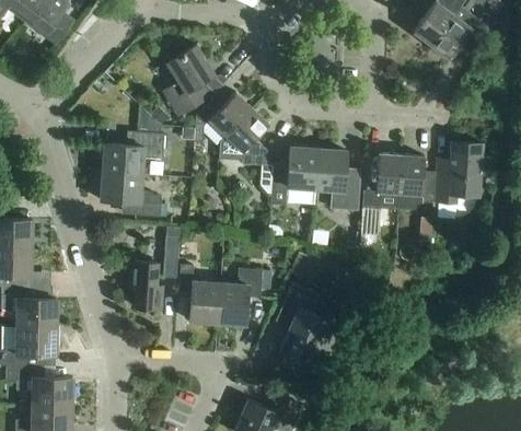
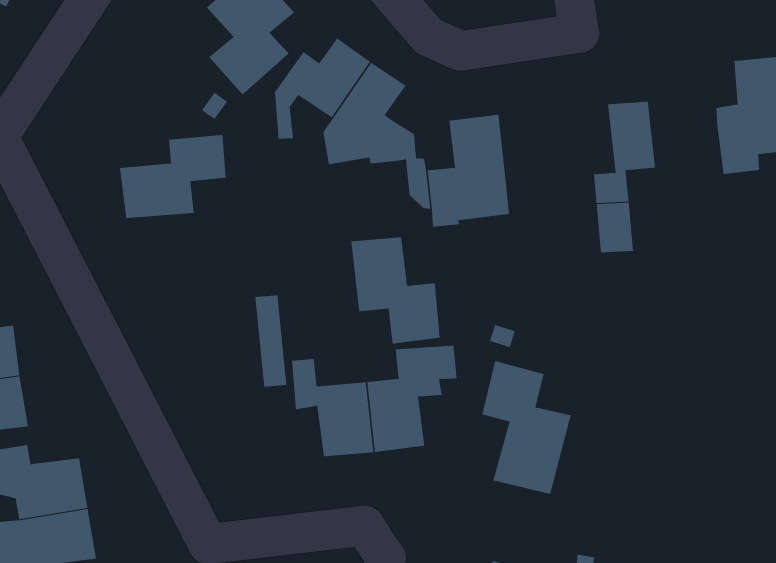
building: [315,149,360,210] -> [351,237,441,344]
building: [397,155,436,210] -> none
building: [101,172,161,217] -> none
building: [129,260,163,308] -> none

